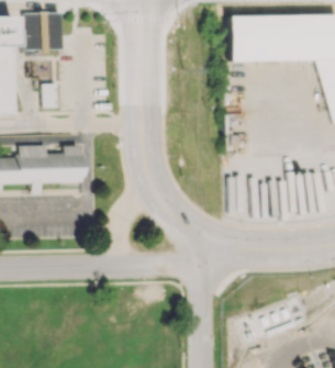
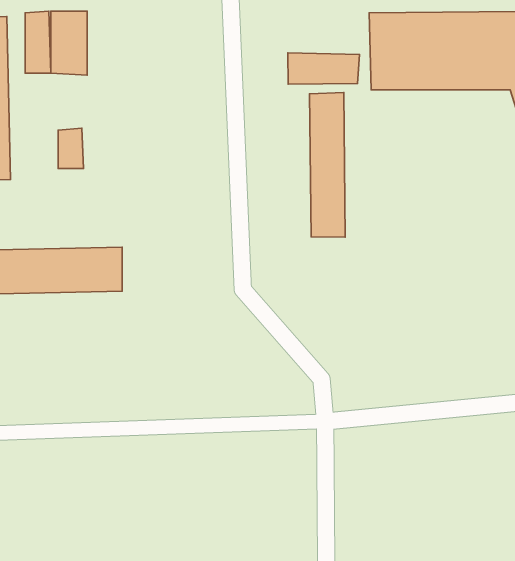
building: none -> [288,53,359,84]
building: none -> [310,93,345,237]

